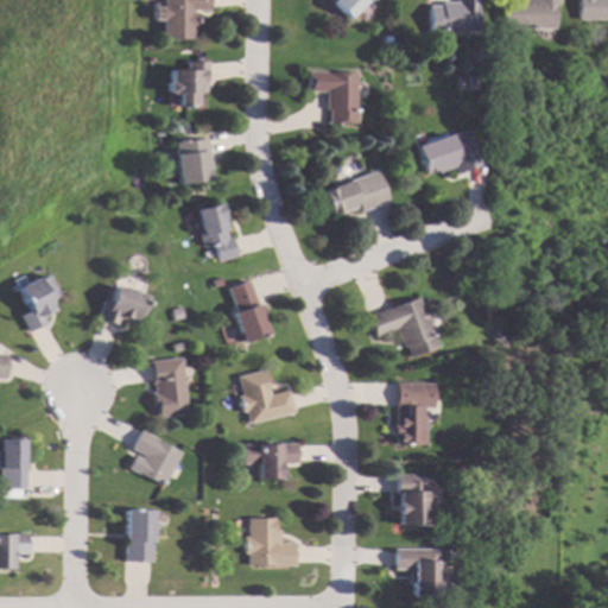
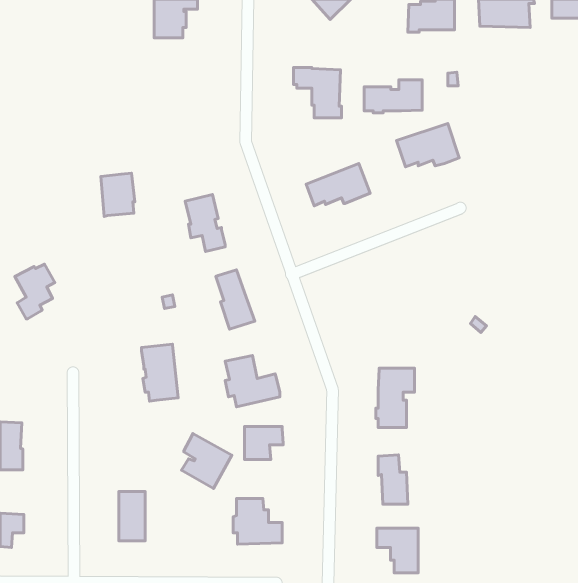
building: [171,62,211,104] -> none
building: none -> [364,80,422,113]
building: [178,139,214,184] -> [101,173,135,217]
building: [101,285,151,324] -> none
building: [368,296,441,356] -> none
building: [133,429,185,486] -> [182,434,232,488]

